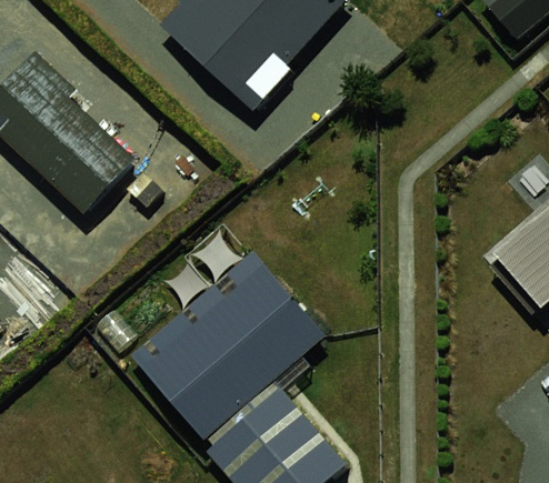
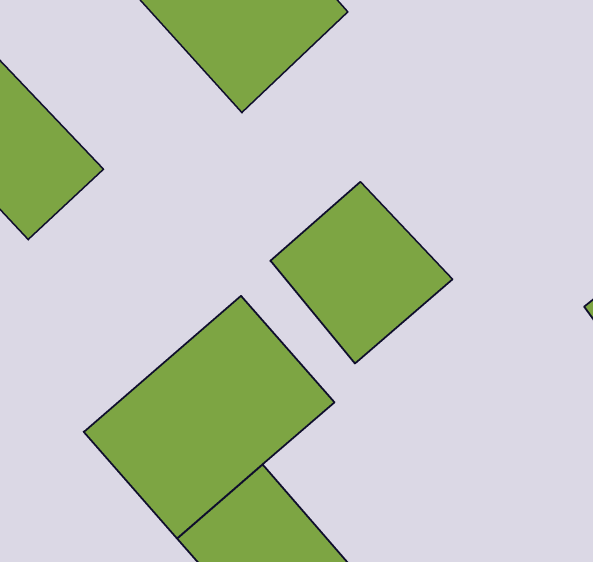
building: none -> [270,182,452,363]

